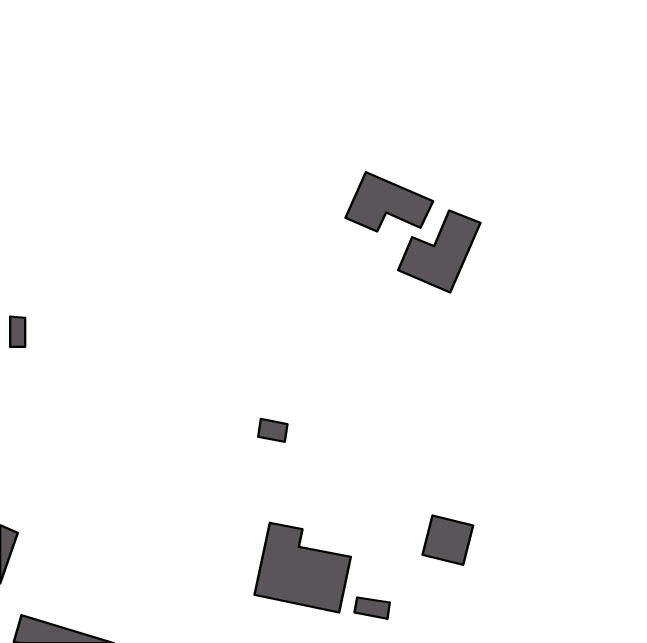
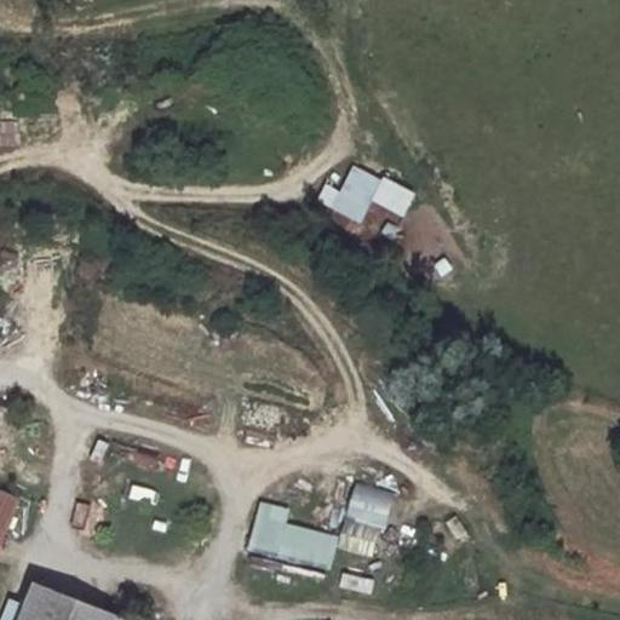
building: [398,211,480,292] -> none
building: [422,516,473,565] -> [345,481,394,528]

